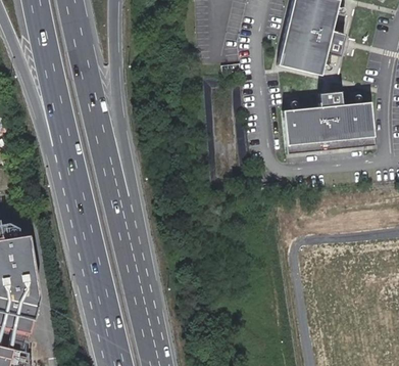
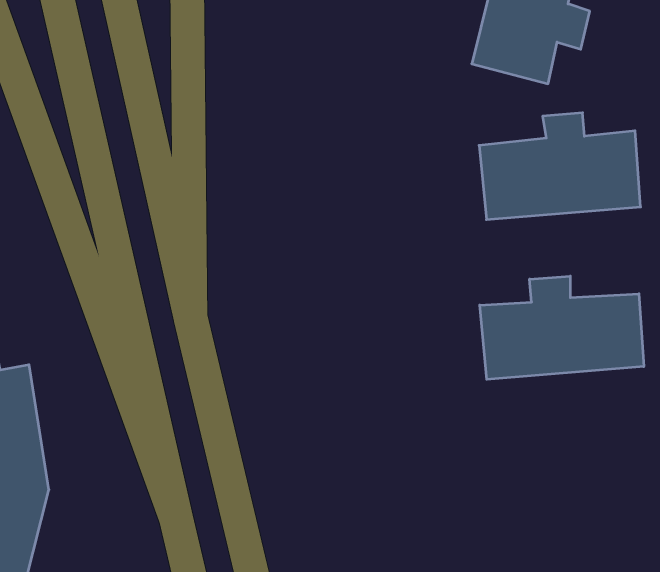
building: none -> [480,276,644,379]

